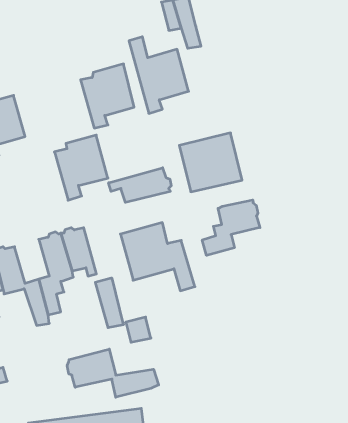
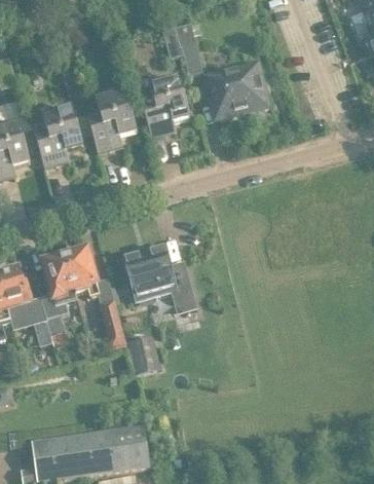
building: [179,133,242,192] -> [208,61,269,118]
building: [54,135,108,200] -> [31,104,83,167]
building: [109,168,171,202] -> none
building: [202,200,260,255] -> none
building: [67,349,159,397] -> none

